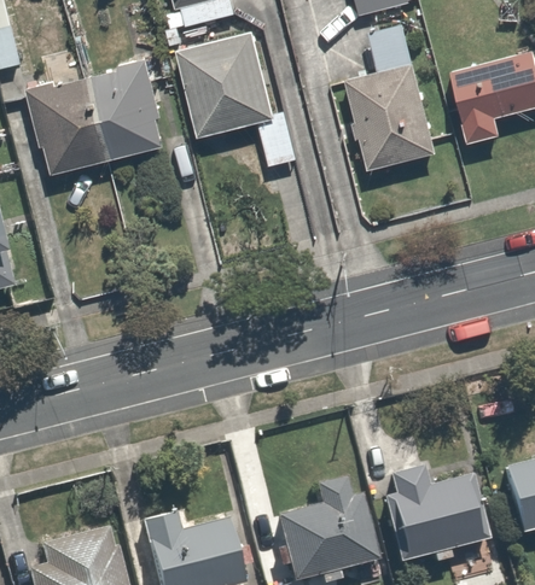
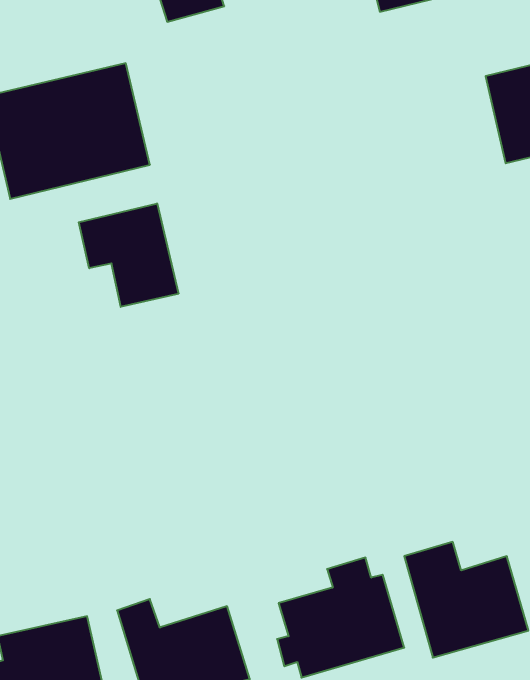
building: [173,25,297,172] -> none
building: [343,25,435,171] -> none
building: none -> [79,203,178,307]

